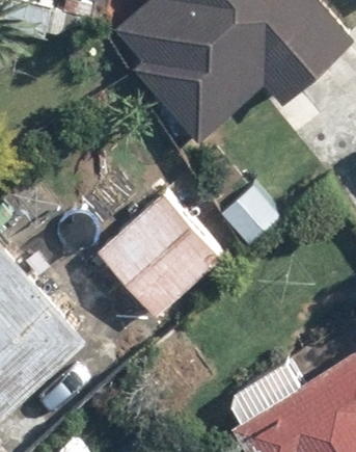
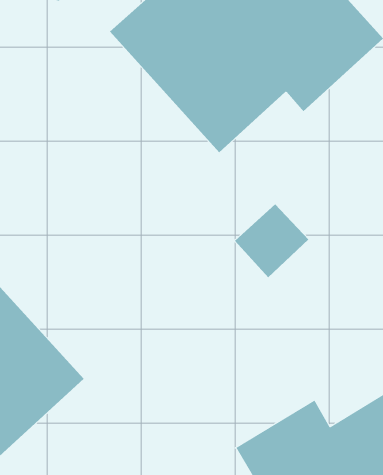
building: [92,194,221,322] -> none

